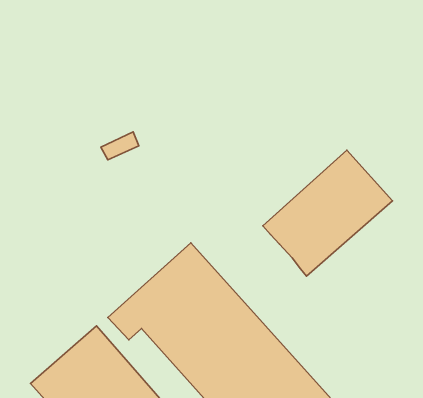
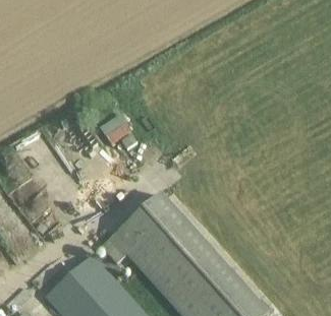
building: [263,150,393,276] -> none

